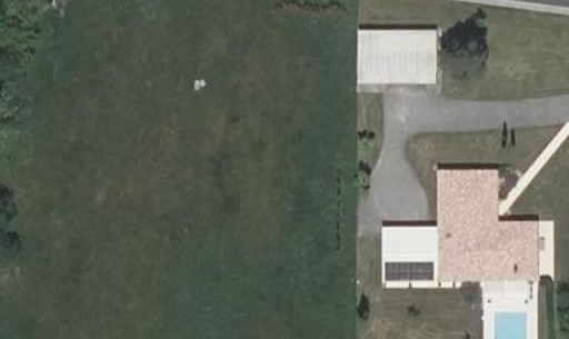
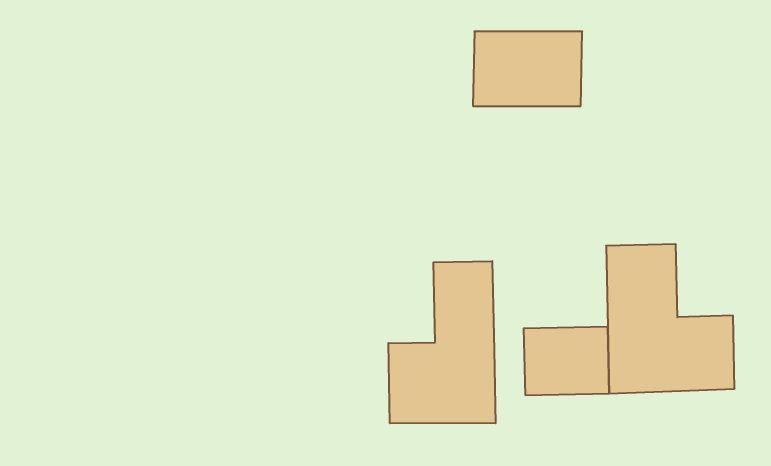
building: none -> [388,261,496,423]

